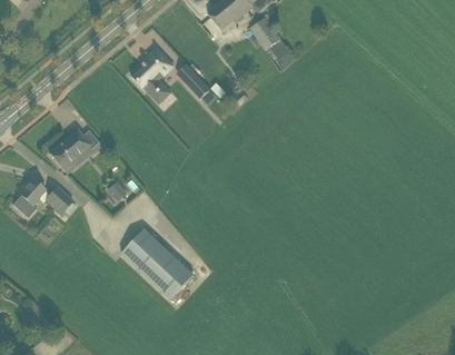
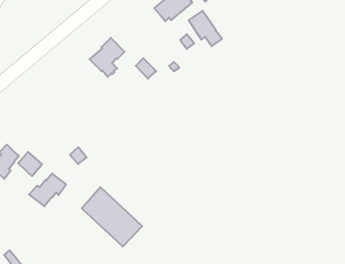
building: [49,128,93,172] -> none
building: none -> [29,173,66,206]

